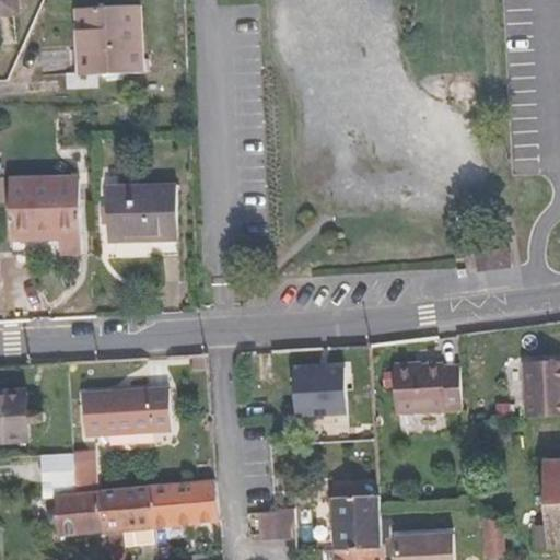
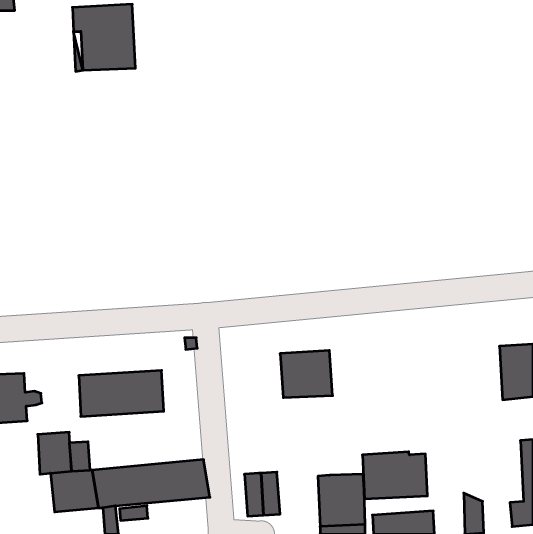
building: [8,176,80,254] -> none
building: [105,183,177,241] -> none
building: [394,364,462,413] -> [362,452,427,499]

